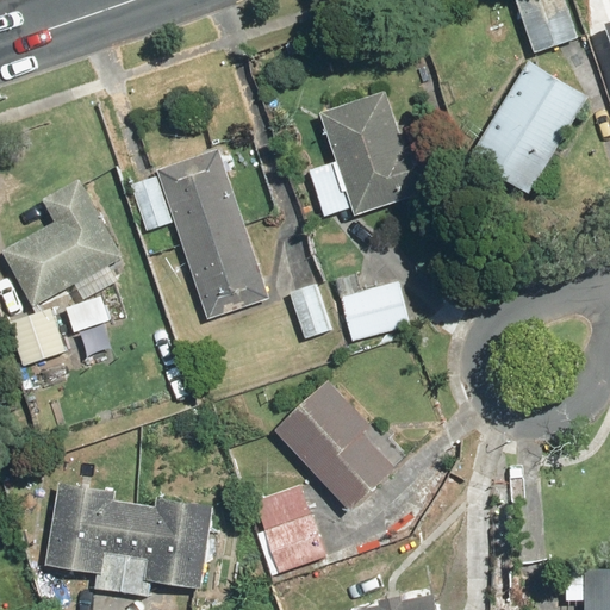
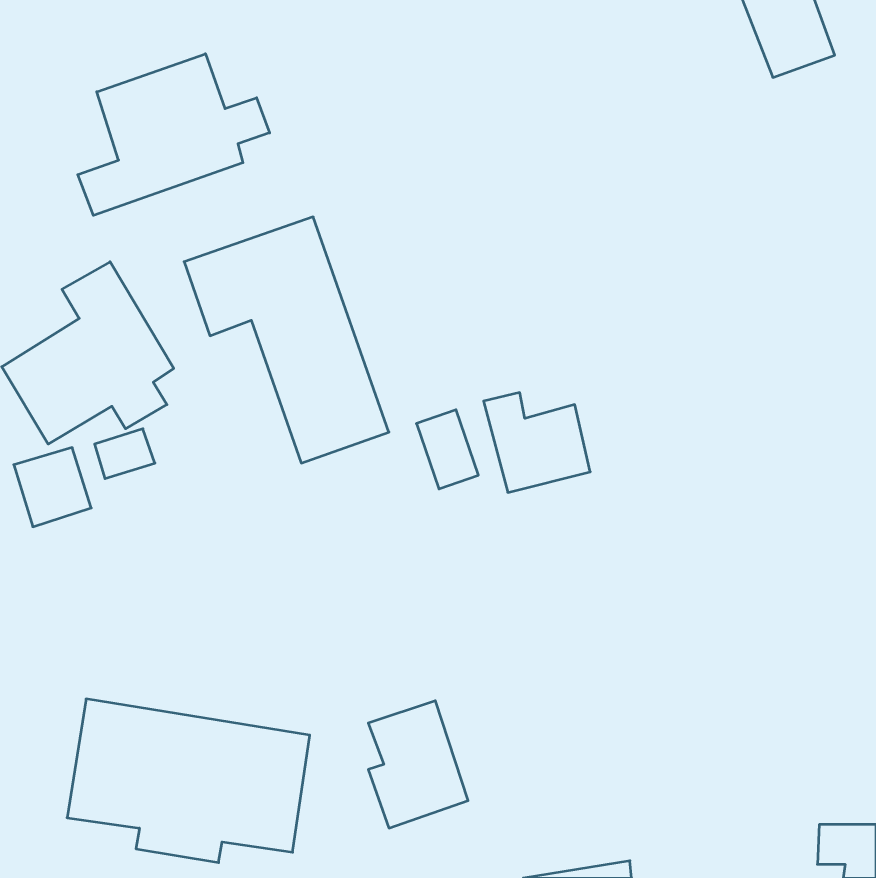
building: none -> [78,54,270,215]
building: [467,61,590,198] -> none
building: [309,91,421,225] -> none
building: [276,381,396,511] -> none

